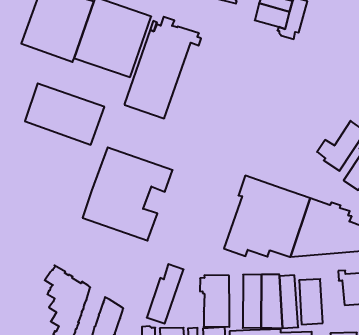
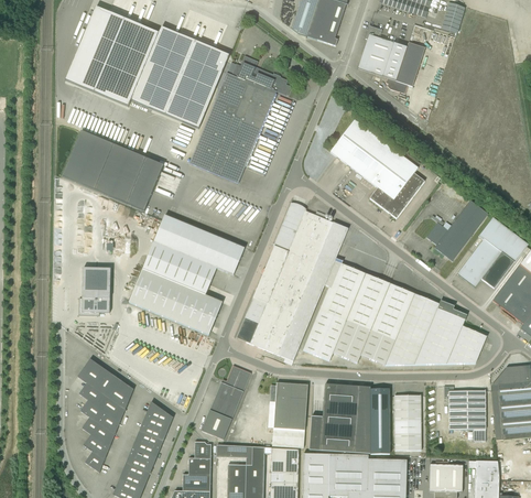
building: none -> [330,119,424,218]
building: none -> [250,210,348,360]
building: none -> [79,266,112,314]

